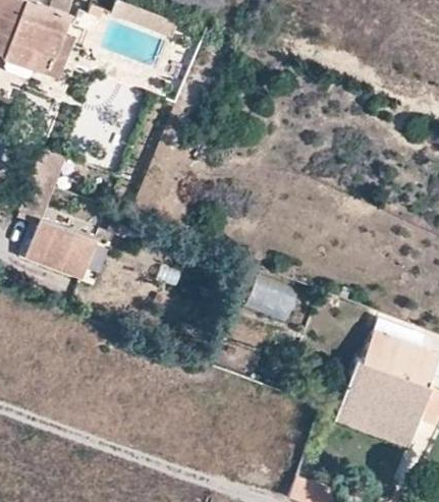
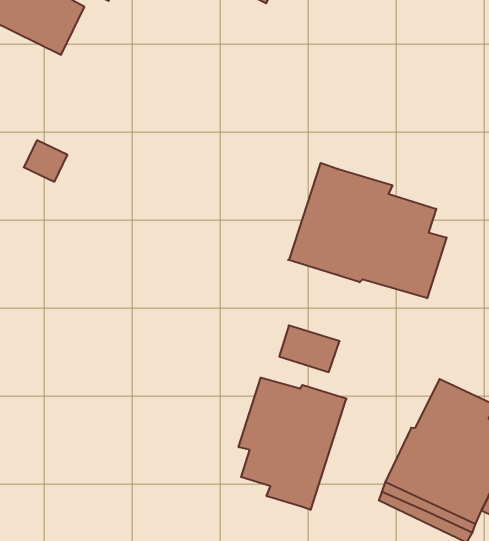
building: none -> [288,163,447,298]
building: [24,218,97,278] -> none
building: none -> [239,378,347,510]

